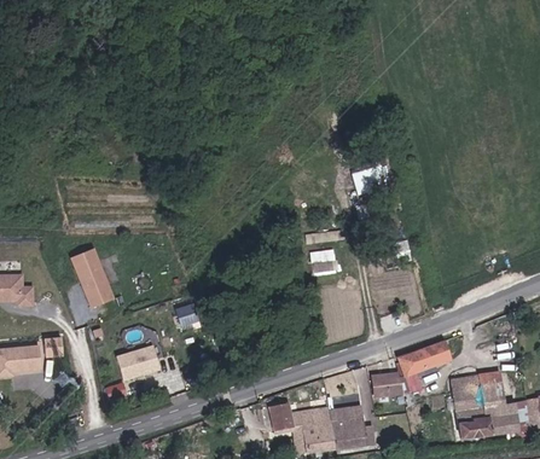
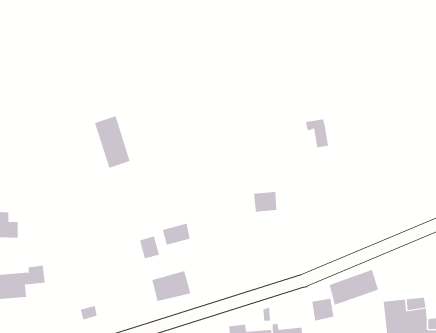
building: [69,246,111,308] -> [94,115,131,168]
building: none -> [162,223,190,246]
building: [115,343,161,379] -> [152,271,191,302]

